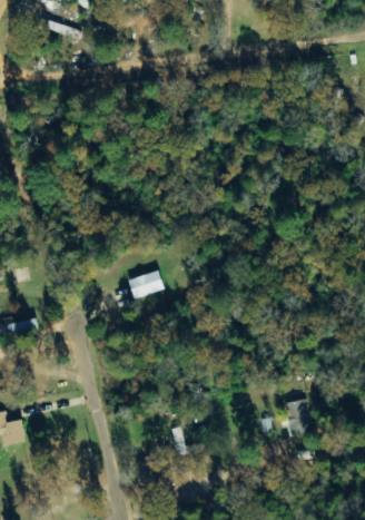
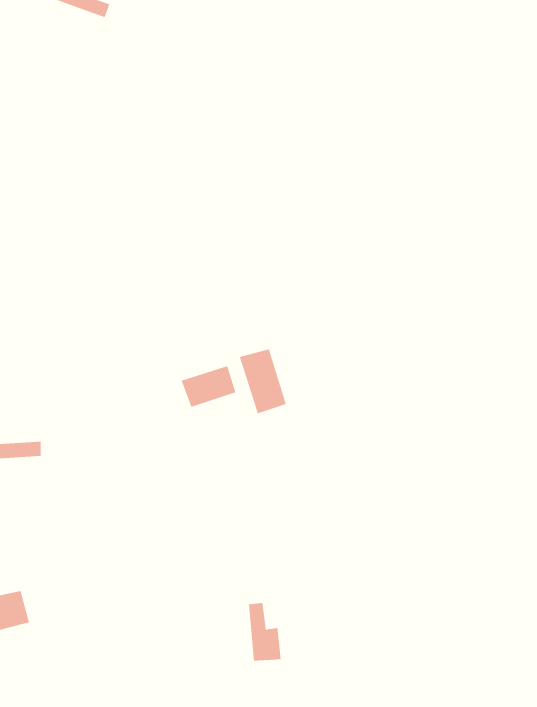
building: none -> [239,349,287,414]
building: [284,399,312,435] -> none

